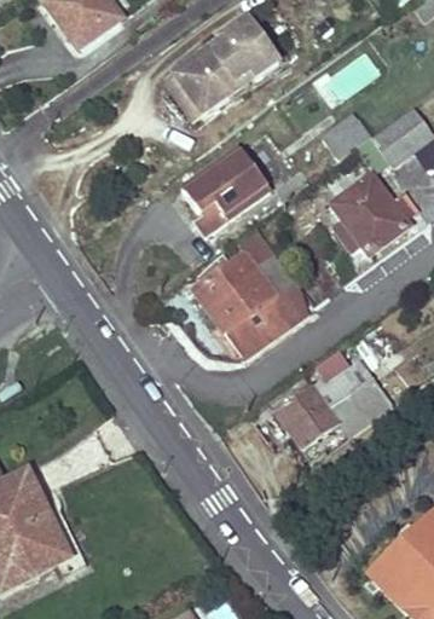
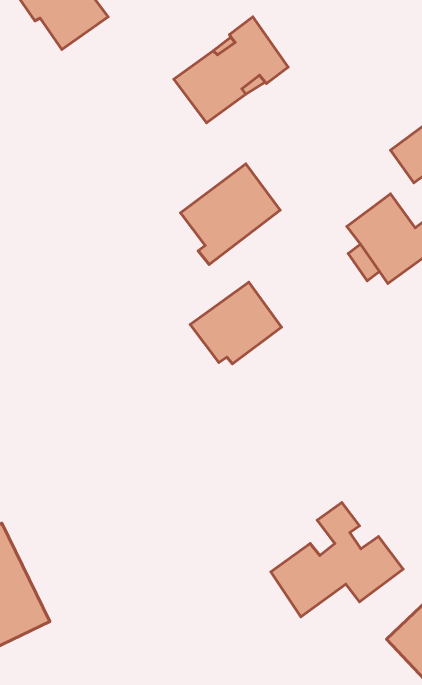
building: [320,115,370,161] -> none
building: [218,231,313,358] -> none
building: [276,348,393,450] -> [271,503,403,617]

